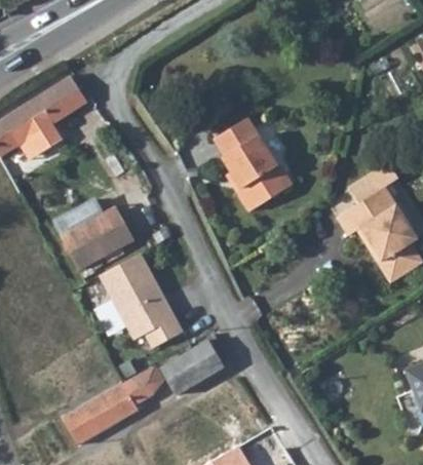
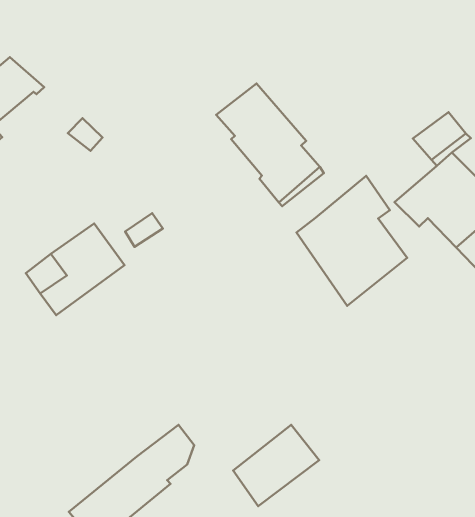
building: none -> [296,176,407,306]
building: [99,255,181,349] -> none
building: [163,339,227,394] -> [233,425,319,506]

